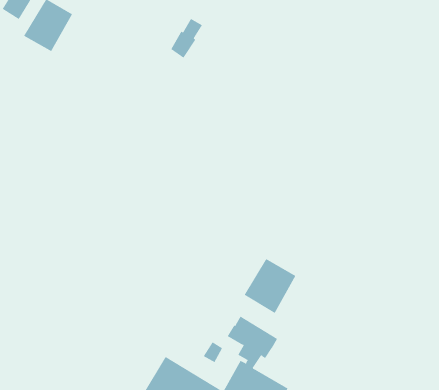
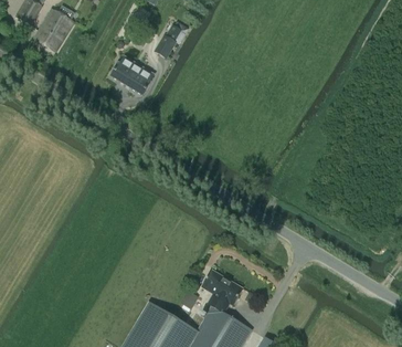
building: none -> [110,55,154,94]
building: [244,258,296,314] -> none

